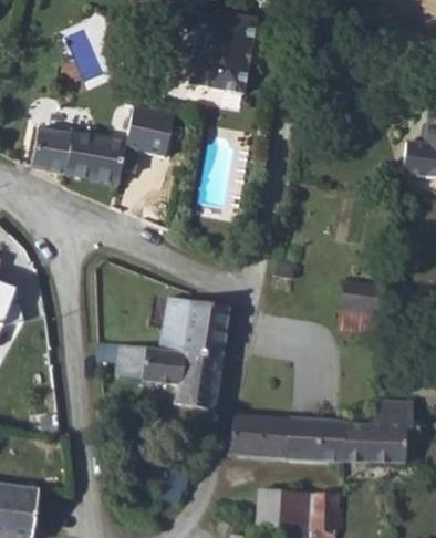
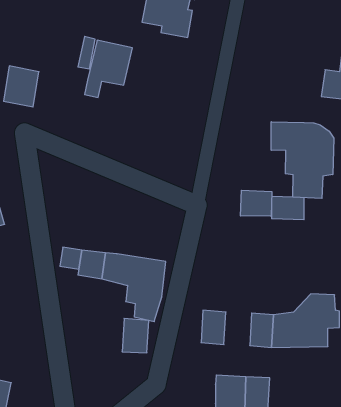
building: [65,139,128,190] -> none
building: none -> [271,122,334,198]
building: none -> [241,190,272,216]
building: [163,299,228,360] -> none
building: [231,414,262,454] -> [122,318,149,353]
building: [287,418,319,457] -> none

